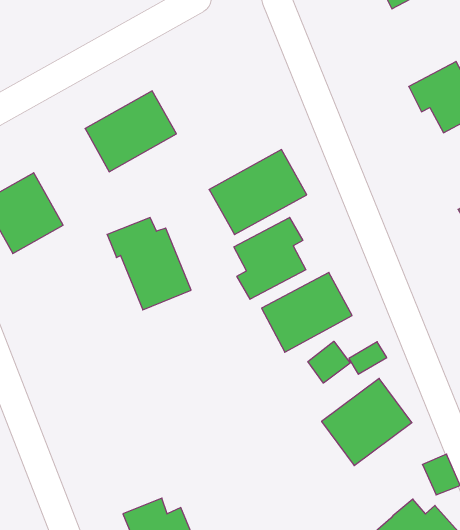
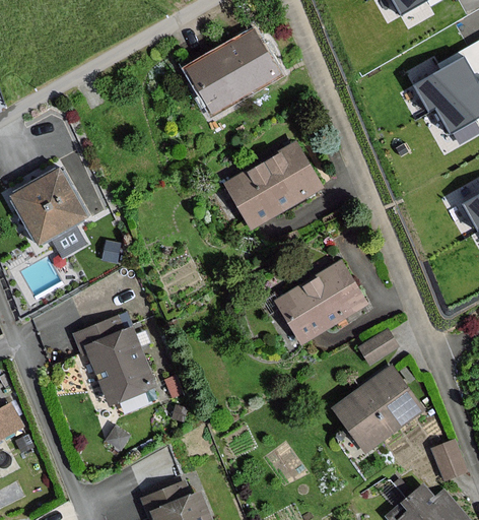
building: [85,91,176,172] -> [188,34,276,112]
building: [234,217,306,299] -> none
building: [107,218,191,310] -> [73,317,154,406]
building: [308,341,350,383] -> none

